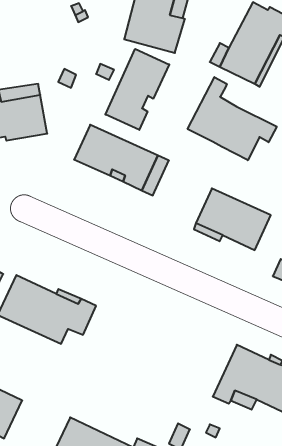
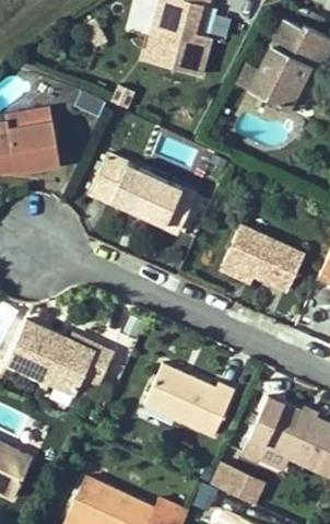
building: [105,49,169,130] -> none
building: [188,77,277,160] -> none
building: none -> [139,359,233,439]

